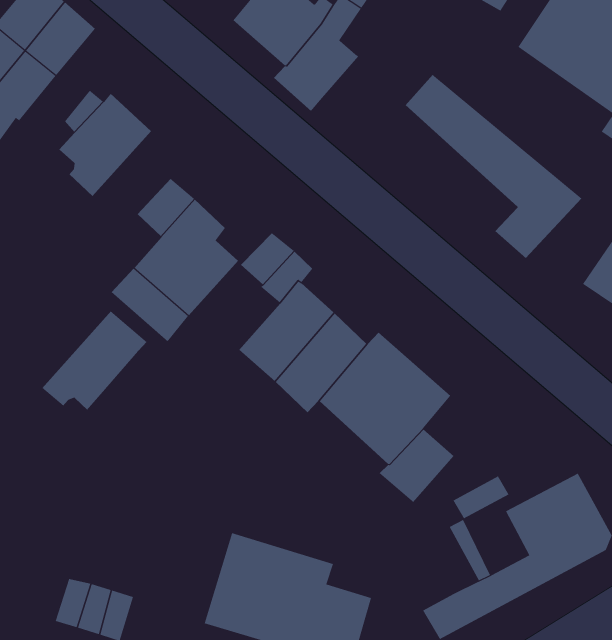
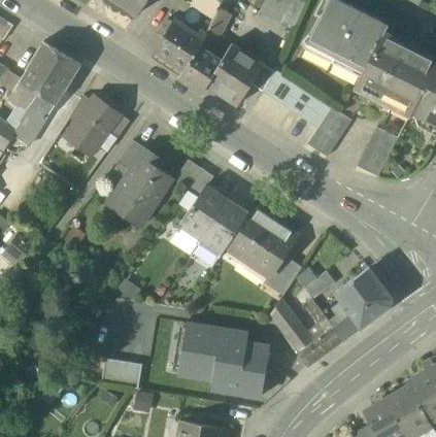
building: none -> [206,43,263,106]
building: [41,310,148,410] -> none
building: none -> [267,300,311,351]

